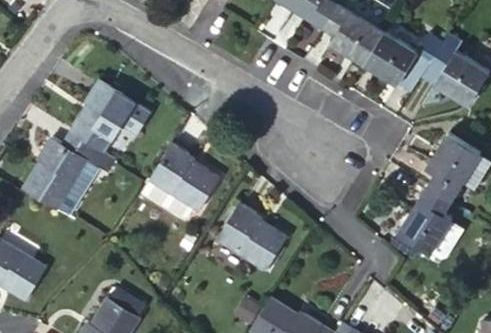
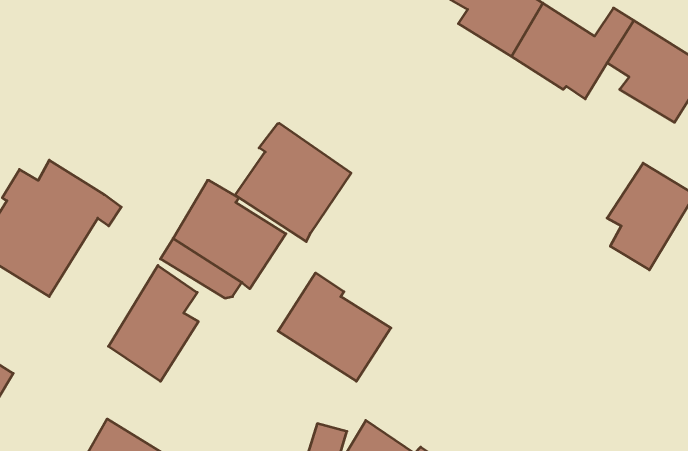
building: [69,79,150,152] -> none
building: none -> [235,123,351,242]
building: [397,185,460,258] -> none
building: none -> [108,265,198,381]

